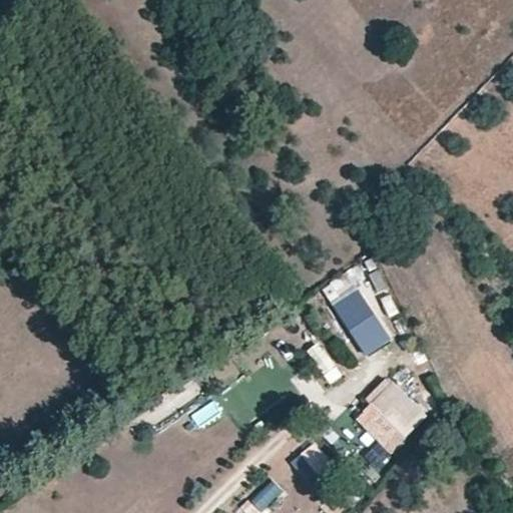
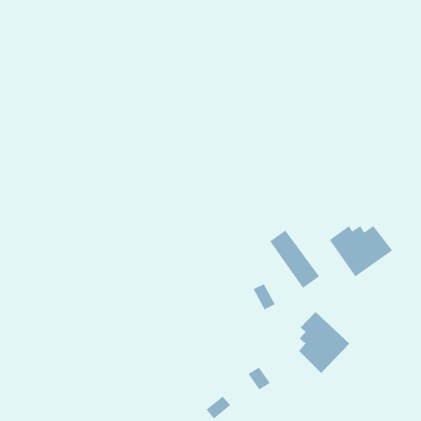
building: none -> [329,225,393,278]

